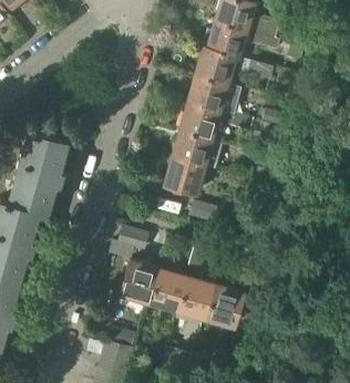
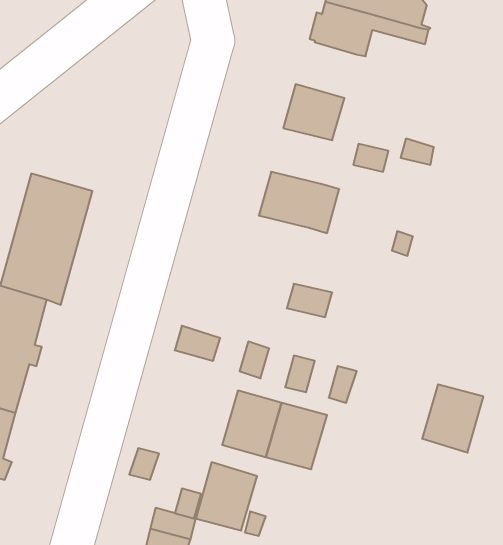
building: [195,46,268,84] -> none
building: [179,103,218,138] -> none
building: [164,158,204,195] -> none
building: [120,260,158,303] -> [196,462,257,531]
building: [205,284,244,328] -> [422,384,483,453]

